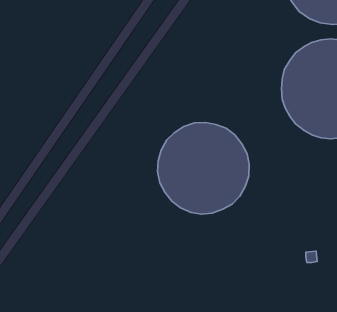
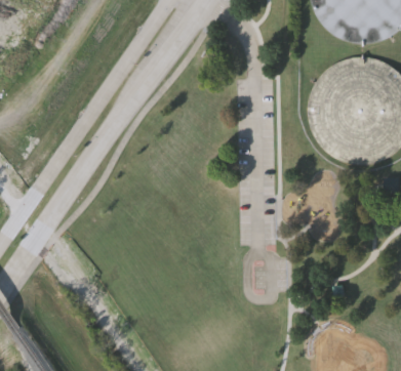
building: [157,122,249,214] -> none

